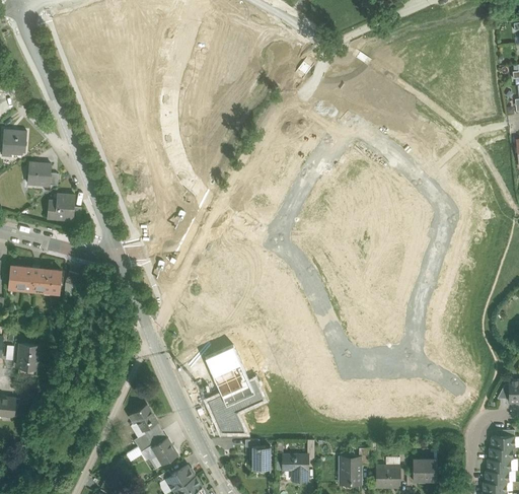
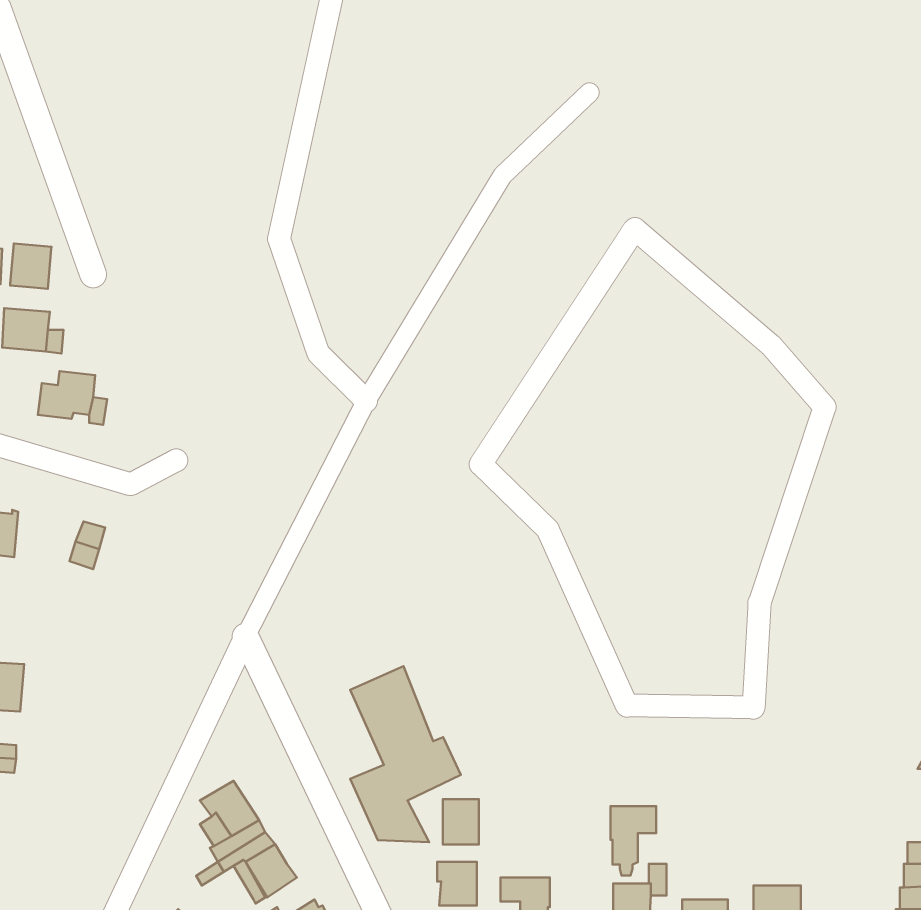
building: none -> [10,244,51,289]
building: [33,267,61,292] -> none
building: none -> [443,799,479,845]
building: none -> [611,806,656,876]

